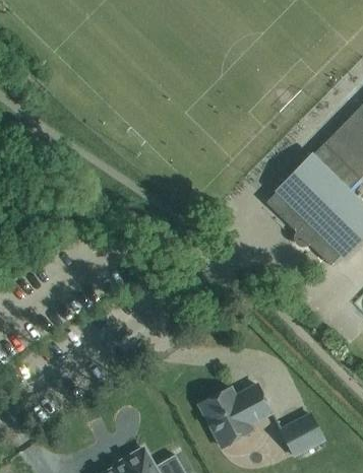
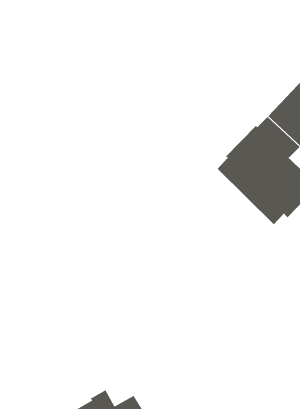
building: [199,385,271,447] -> none
building: [279,412,325,456] -> none

